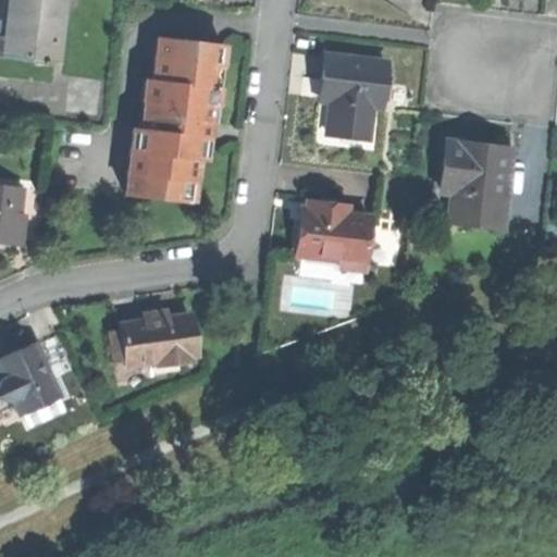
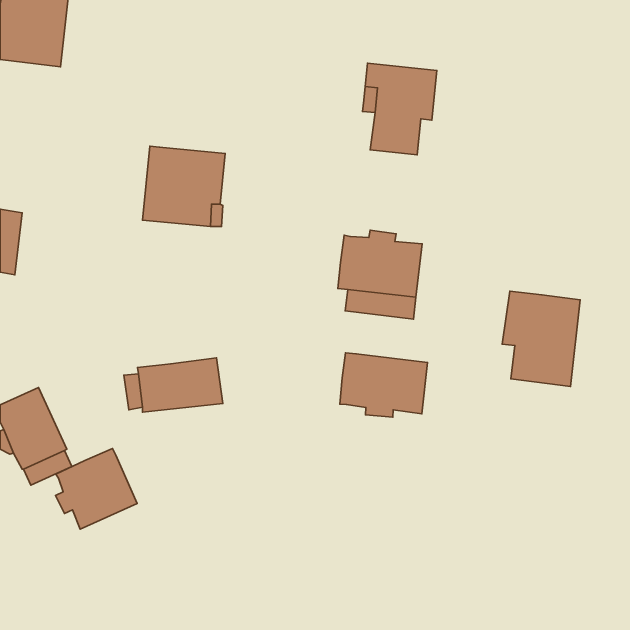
building: [143,36,223,135] -> none
building: [442,139,510,223] -> [502,291,580,386]
building: none -> [340,353,428,417]
building: none -> [55,448,137,529]

